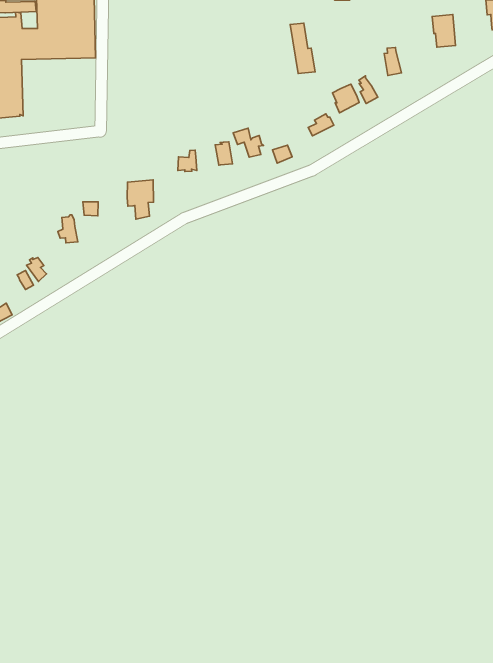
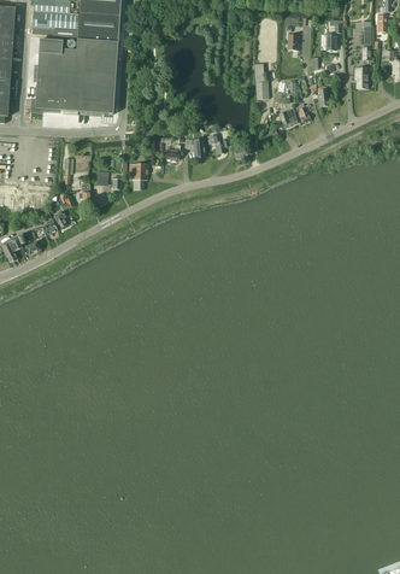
building: none -> [61,69,116,111]

